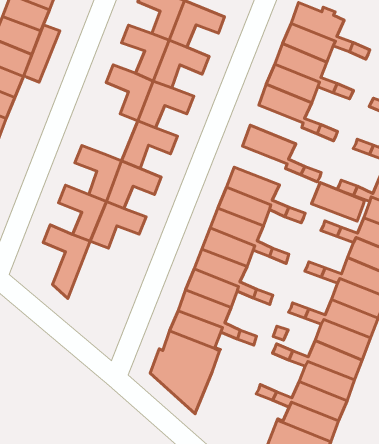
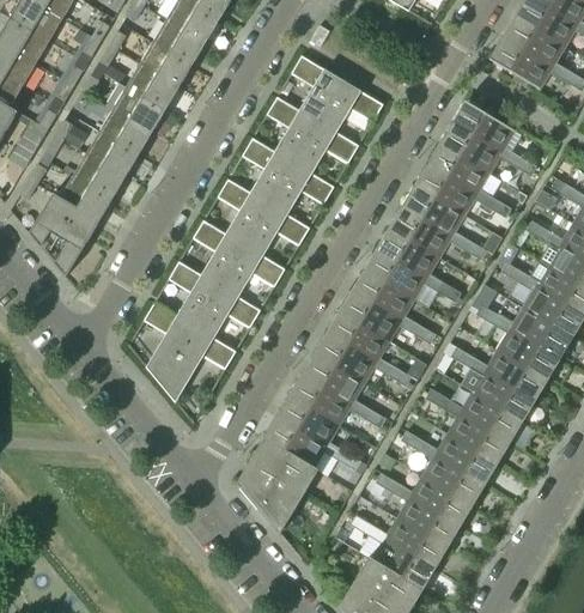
building: [24,25,60,82] -> none
building: none -> [217,177,269,243]
building: none -> [391,207,450,256]
building: [312,183,365,221] -> [366,249,425,298]
building: none -> [160,326,237,401]

